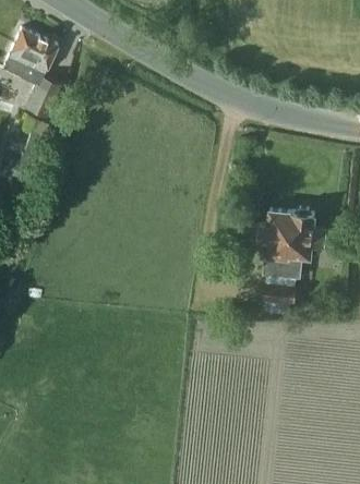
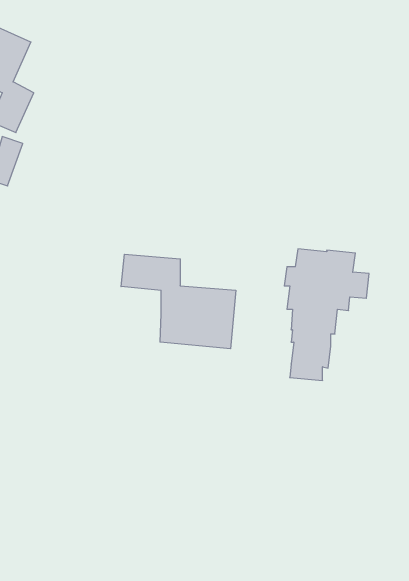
building: none -> [121,254,236,349]

